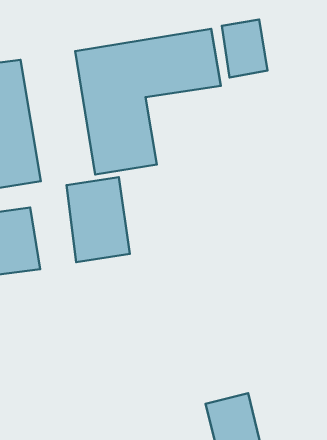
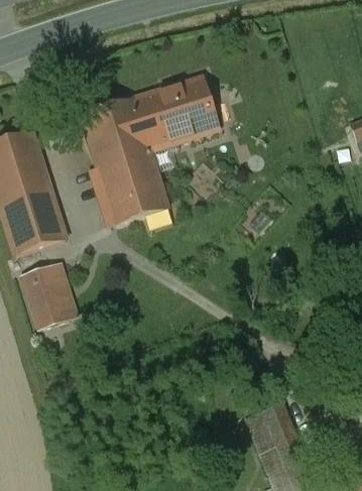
building: [222,20,267,77] -> none
building: [67,177,130,262] -> none

